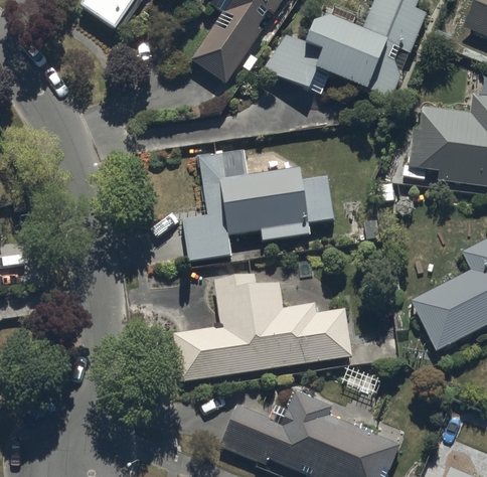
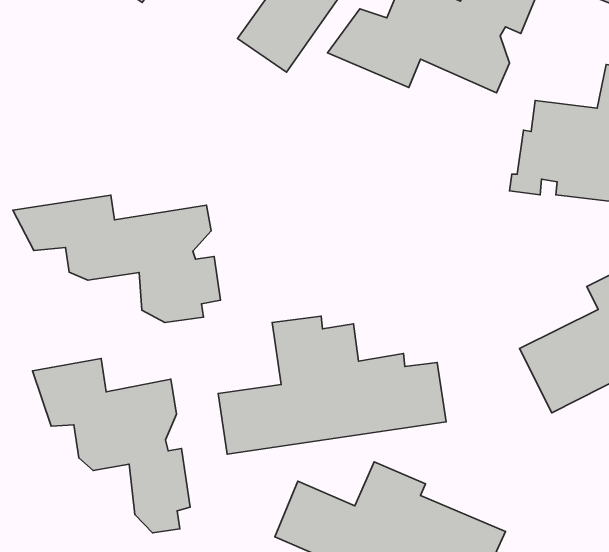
building: [182,151,333,261] -> none
building: none -> [13,195,220,322]
building: none -> [32,359,190,533]

